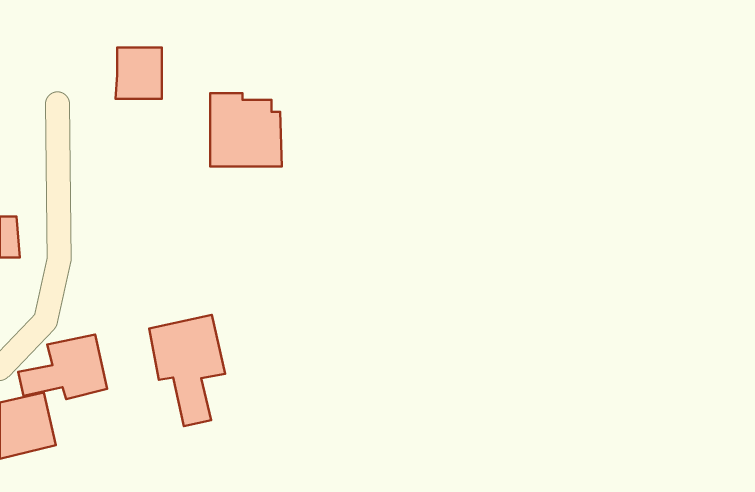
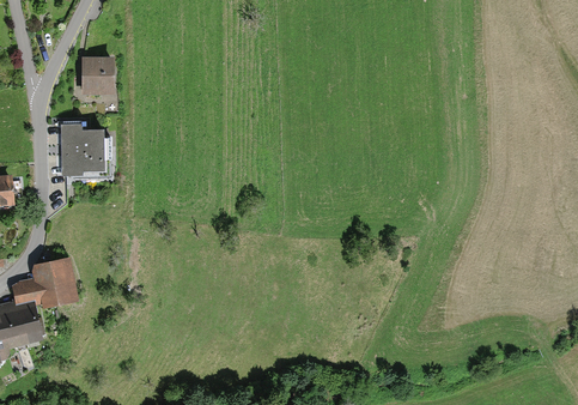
building: [210,93,282,167] -> [61,125,111,176]
building: [149,315,225,426] -> none

